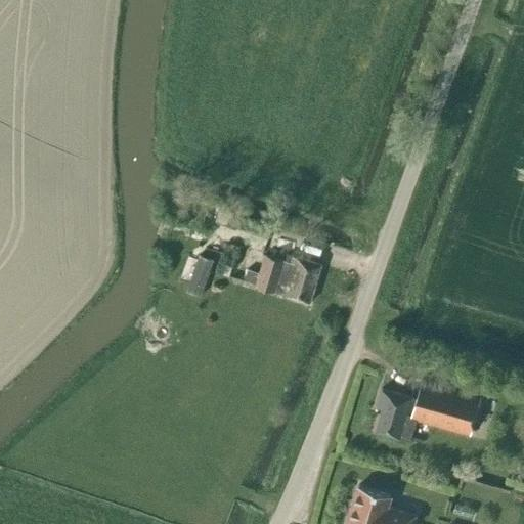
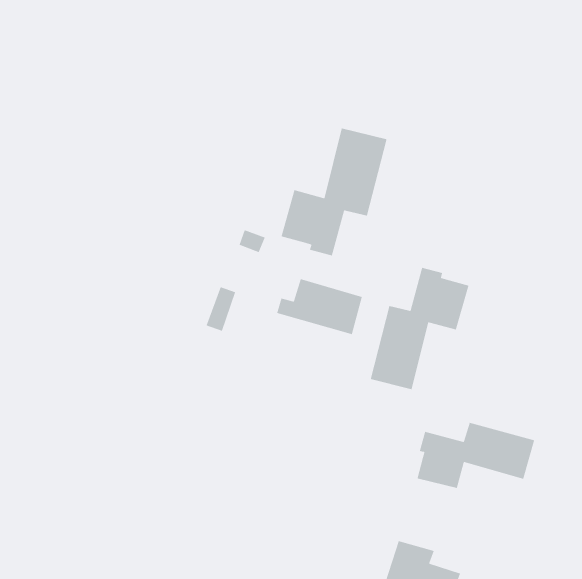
building: none -> [280,127,388,256]
building: none -> [370,267,470,390]

